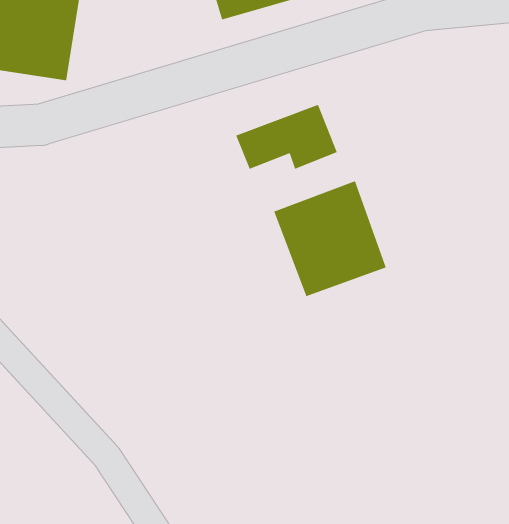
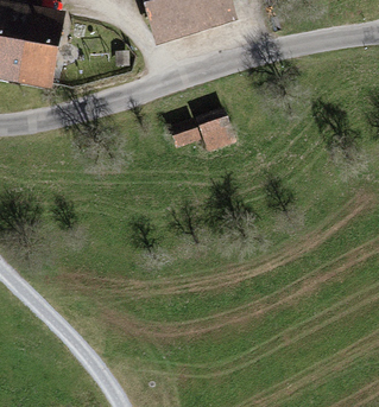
building: [273,180,387,297] -> none

